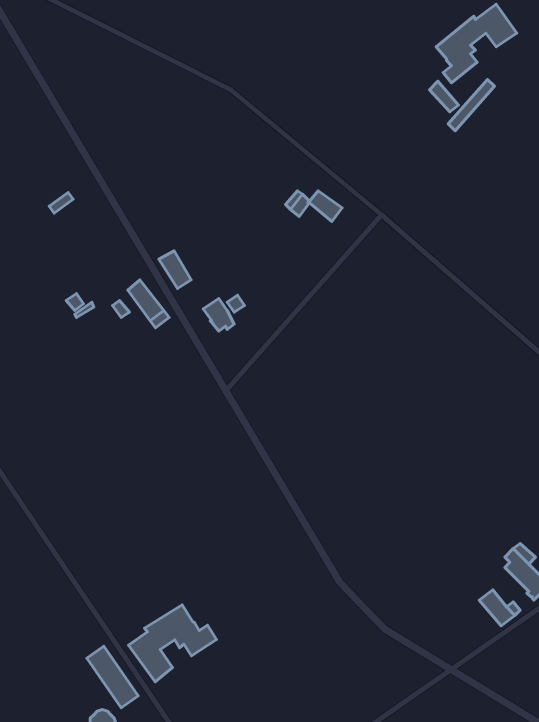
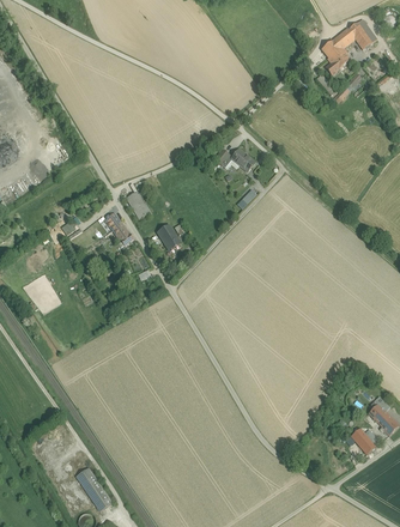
building: [129,605,217,682] -> none

